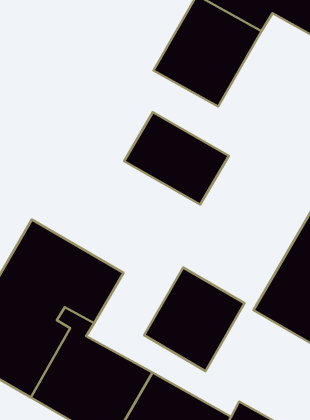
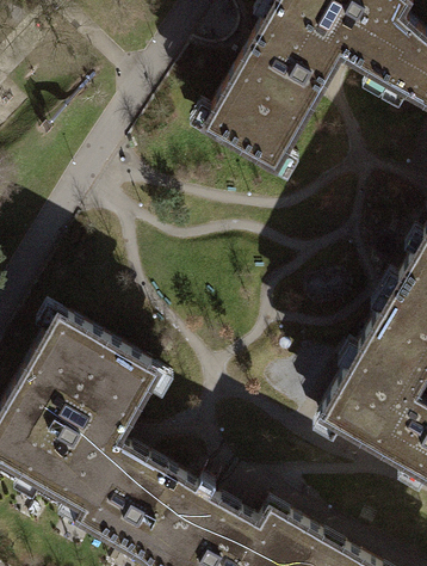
building: [124,112,229,205] -> none
building: [144,267,244,371] -> none

